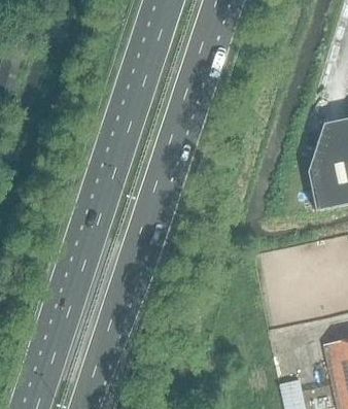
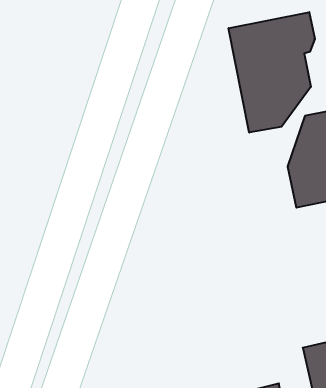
building: none -> [229,12,315,133]

